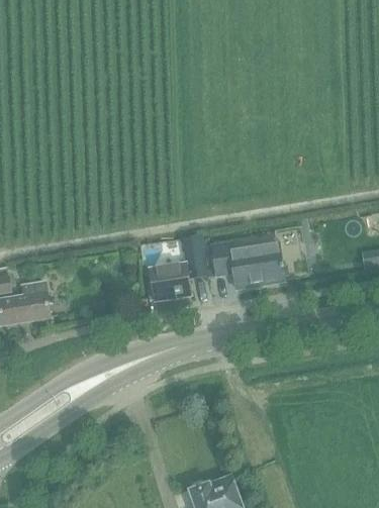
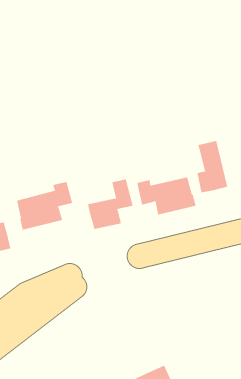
building: none -> [197,140,228,193]
building: none -> [16,181,73,231]

